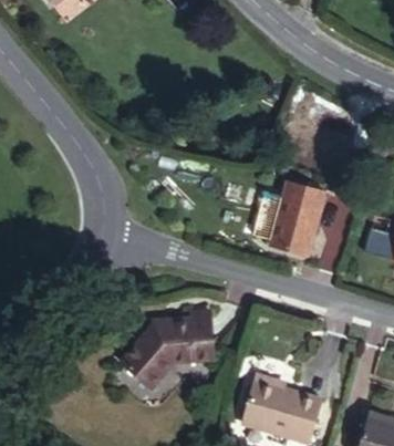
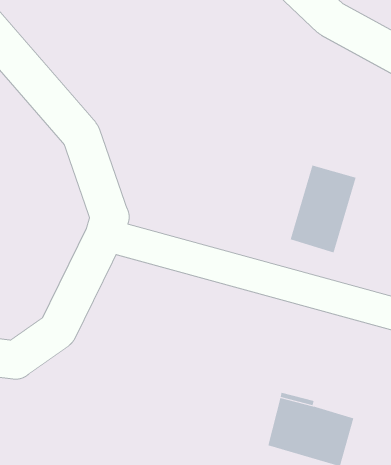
building: [123,318,212,388] -> none

